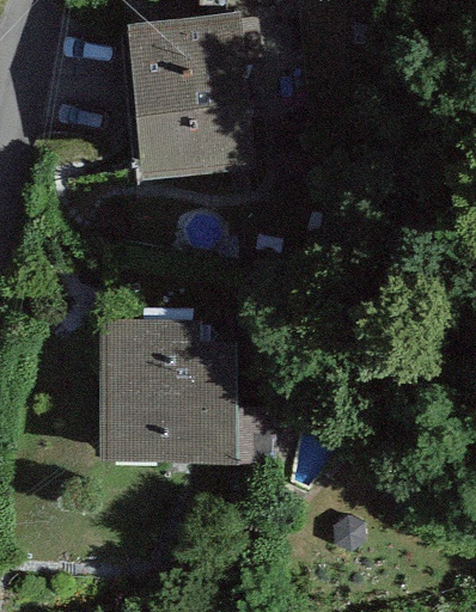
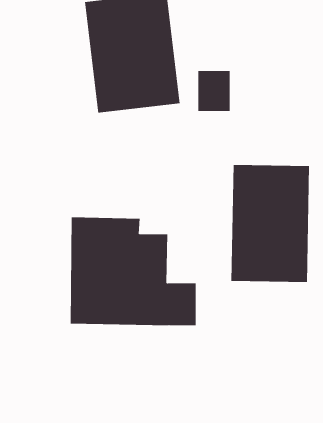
building: none -> [231,164,309,283]

